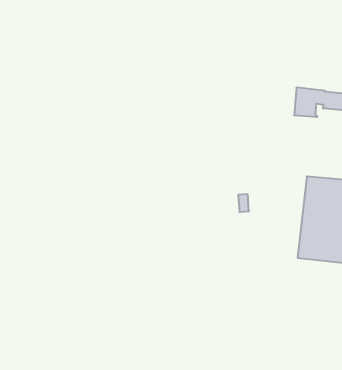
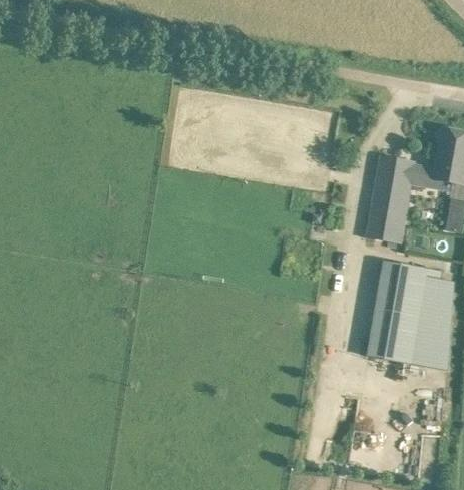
building: none -> [366,204,406,242]

